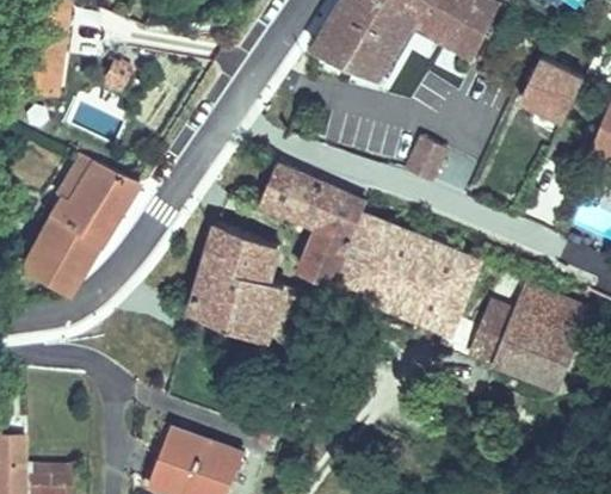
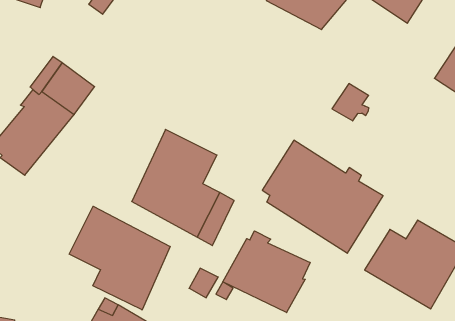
building: [259,160,369,289] -> none
building: none -> [69,206,170,310]
building: none -> [223,231,310,313]

